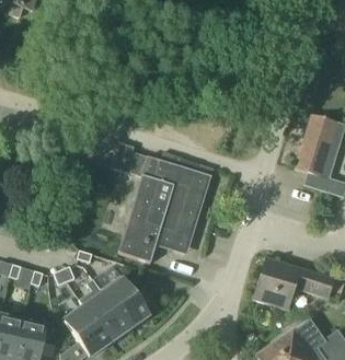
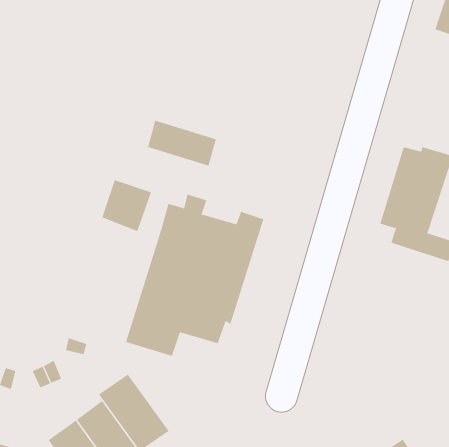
building: none -> [147,120,216,166]
building: [253,258,334,310] -> none

